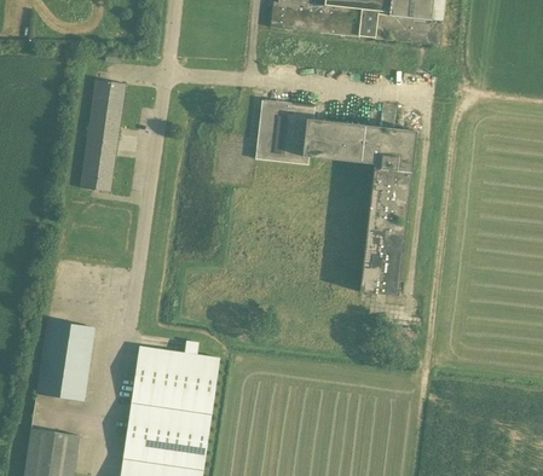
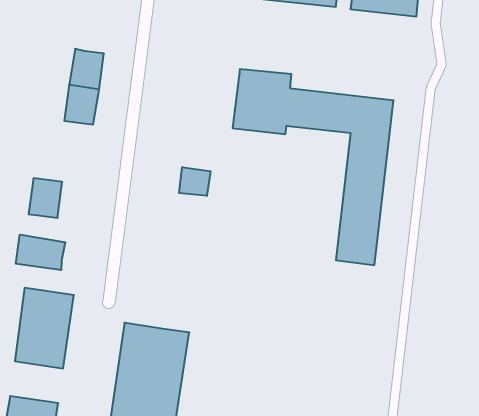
building: [81,151,115,191] -> [29,178,62,218]
building: none -> [179,167,211,196]
building: none -> [16,235,65,270]

